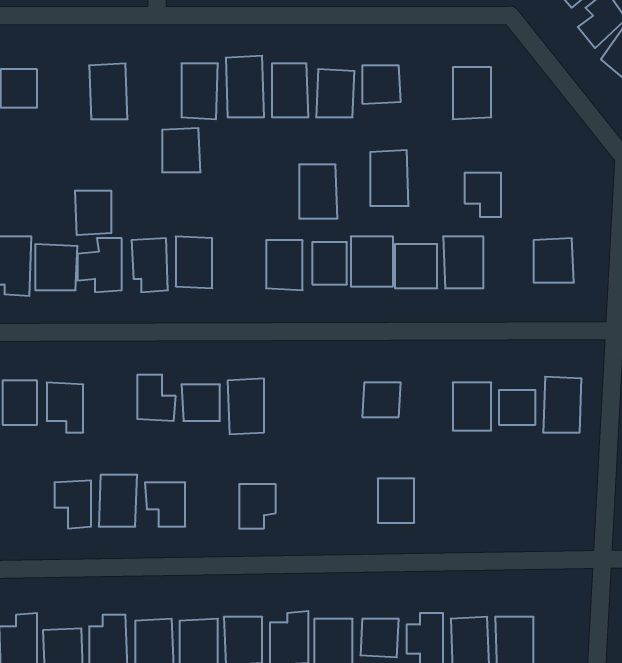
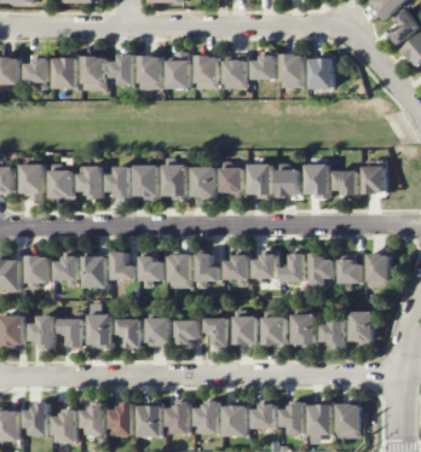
building: none -> [53,57,77,89]
building: [162,128,201,172] -> [110,56,134,83]
building: [370,150,409,206] -> [281,53,305,88]
building: [299,165,338,218] -> [163,164,188,198]
building: [465,173,501,217] -> [334,170,357,198]
building: [75,191,111,235] -> none
building: none -> [196,253,219,289]
building: none -> [282,253,305,282]
building: none -> [82,256,106,288]
building: none -> [225,256,248,279]
building: none -> [350,311,373,342]
building: none -> [292,313,316,346]
building: none -> [233,315,258,344]
building: none -> [321,315,345,349]
building: none -> [30,318,53,348]
building: none -> [146,318,169,347]
building: none -> [204,318,229,347]

